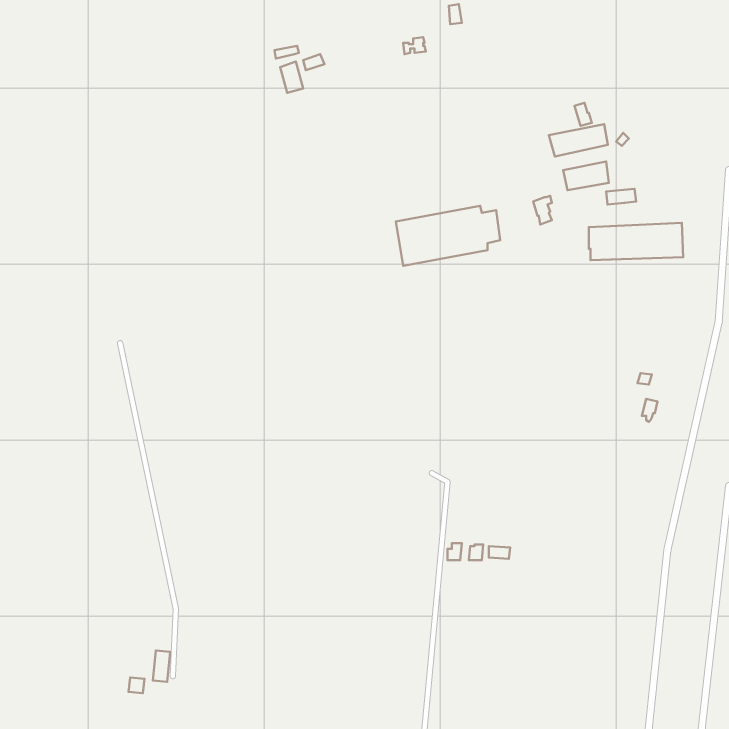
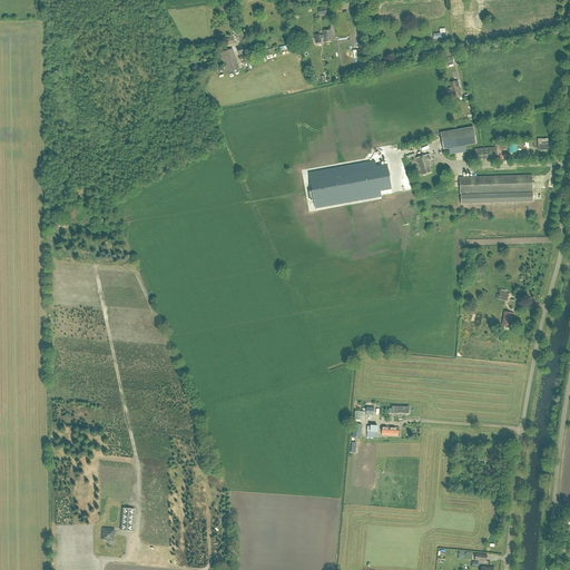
building: [549,124,608,157] -> none

